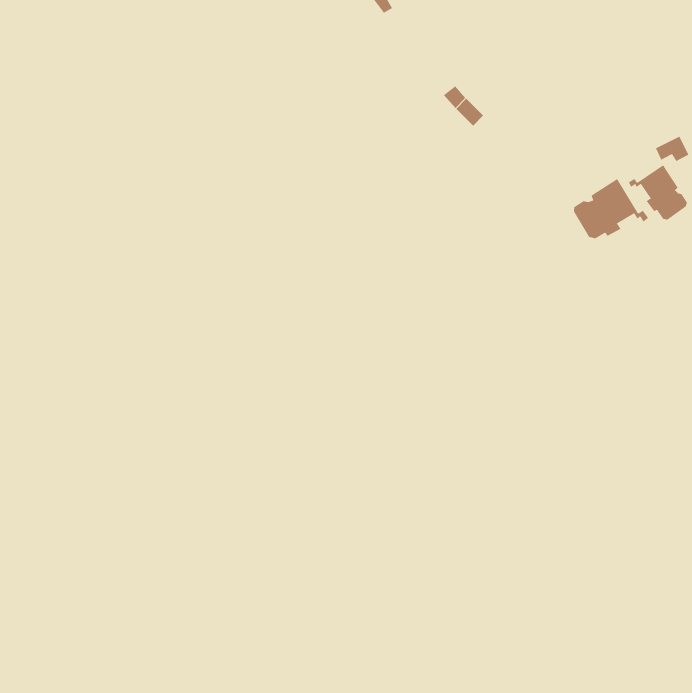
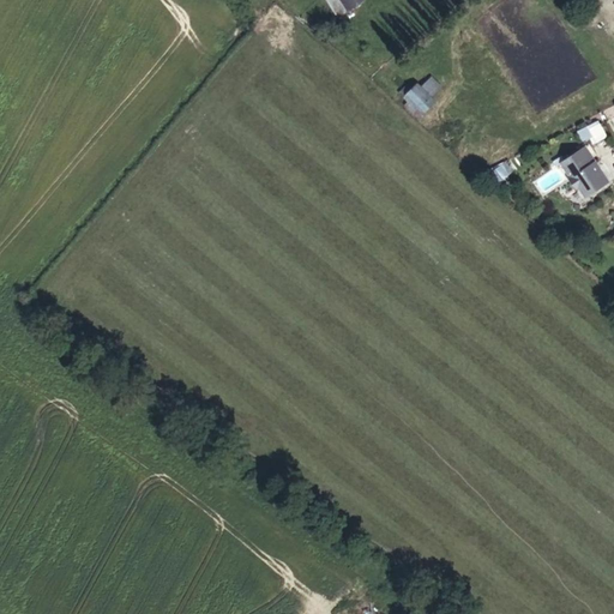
building: [574,178,649,239] -> none

